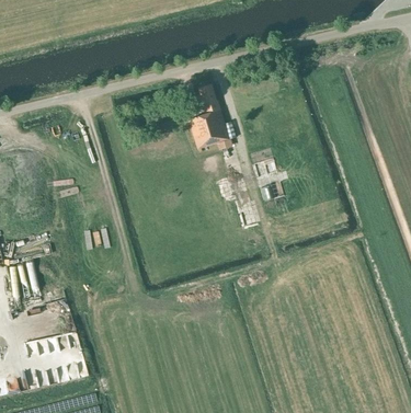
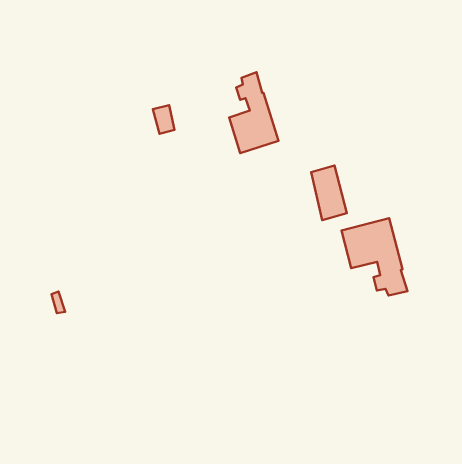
building: none -> [341,218,408,295]

